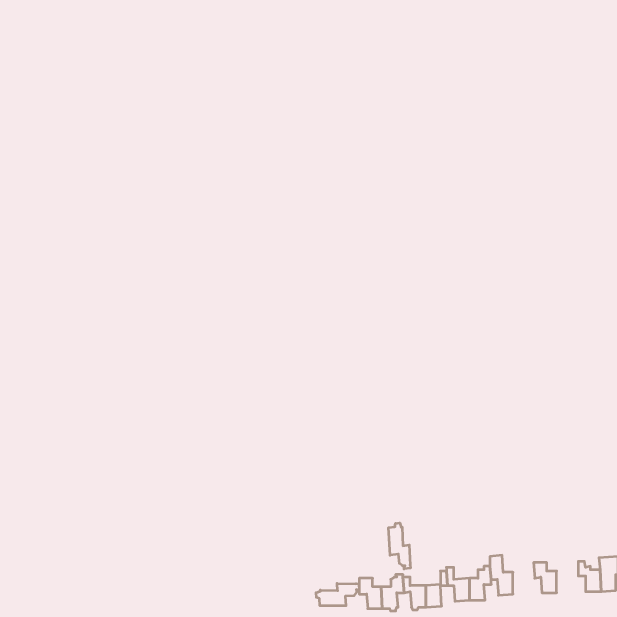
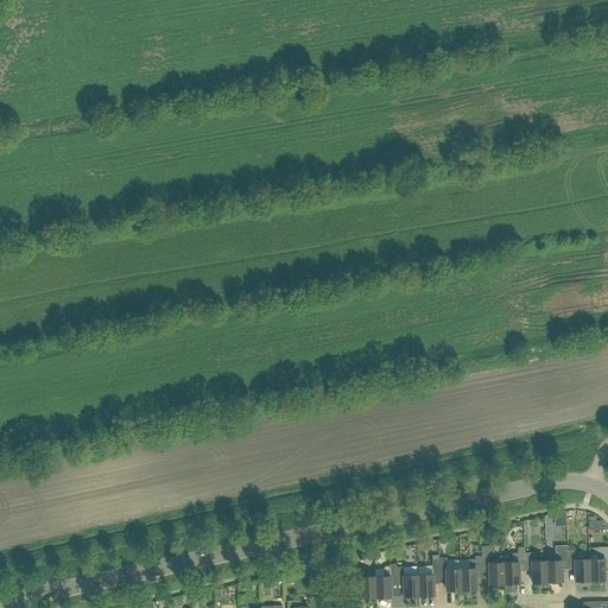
building: [389,523,410,569] -> none
building: none -> [547,546,569,583]
building: none -> [505,547,526,584]
building: [316,583,359,606] -> none

